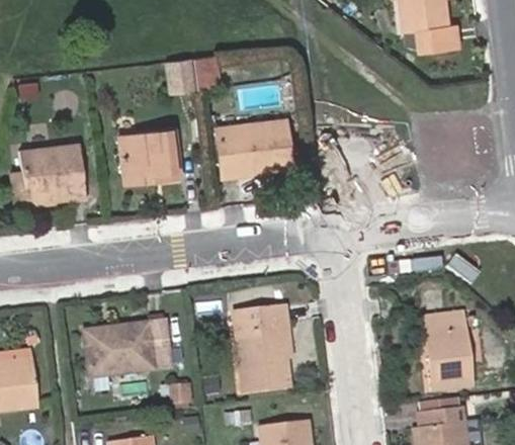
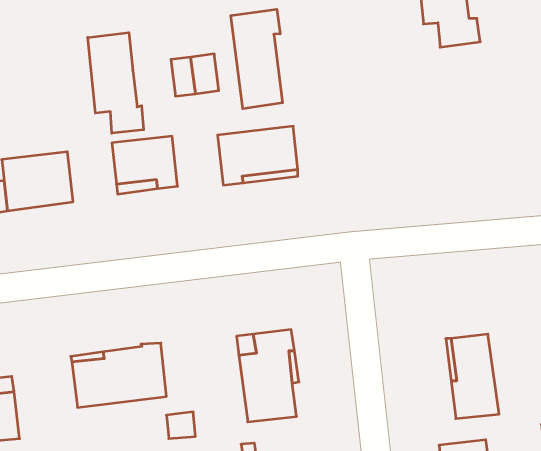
building: none -> [231,9,283,109]
building: none -> [88,33,144,133]

